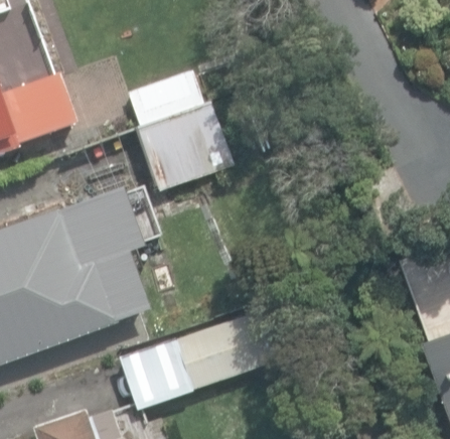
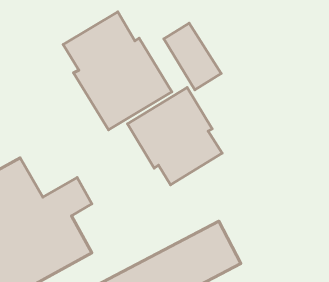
building: none -> [128,87,222,185]

